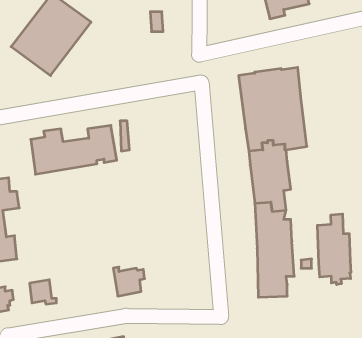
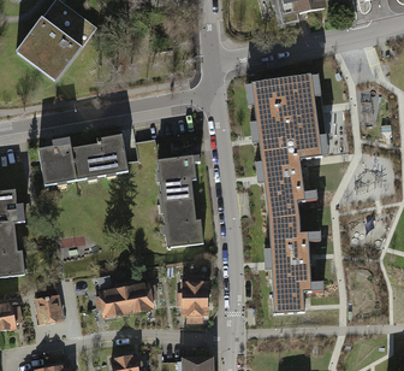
building: none -> [156,154,203,246]
building: [317,214,351,285] -> none
building: none -> [177,273,207,320]
building: none -> [94,282,127,316]

